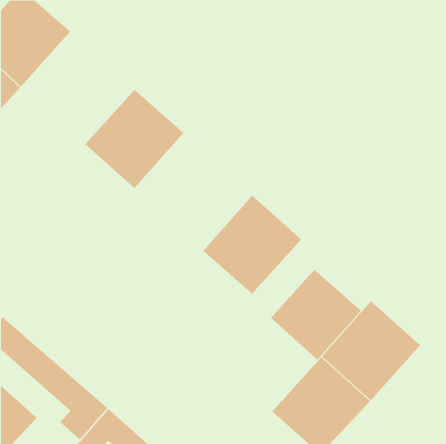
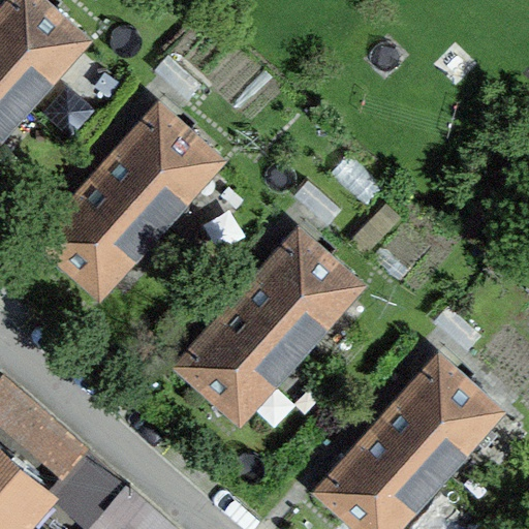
building: none -> [41,174,159,292]
building: none -> [181,300,299,417]
building: [270,269,362,361] -> none

